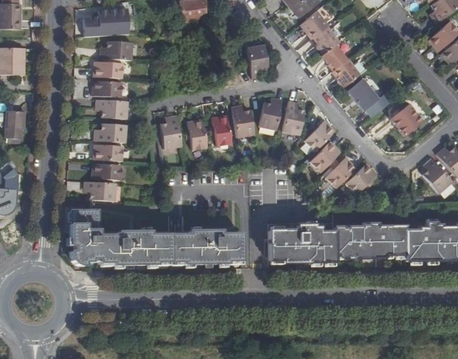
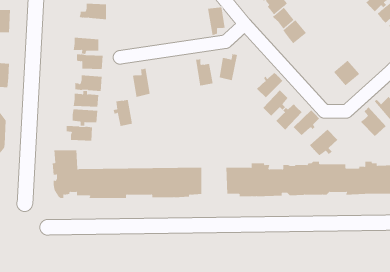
building: [94,57,125,77] -> none
building: [351,77,380,109] -> none
building: [282,100,304,133] -> none
building: [211,113,233,144] -> none
building: [185,117,208,148] -> [113,99,133,126]
building: none -> [309,129,338,156]

